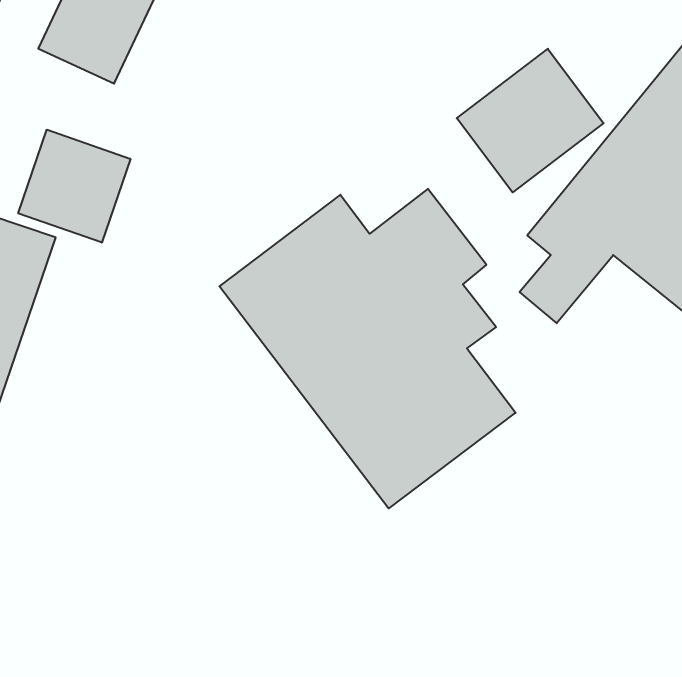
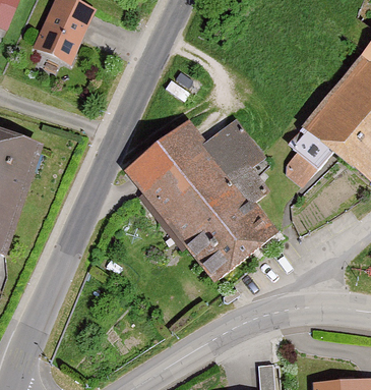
building: [457,49,604,192] -> none
building: [18,130,130,243] -> none

